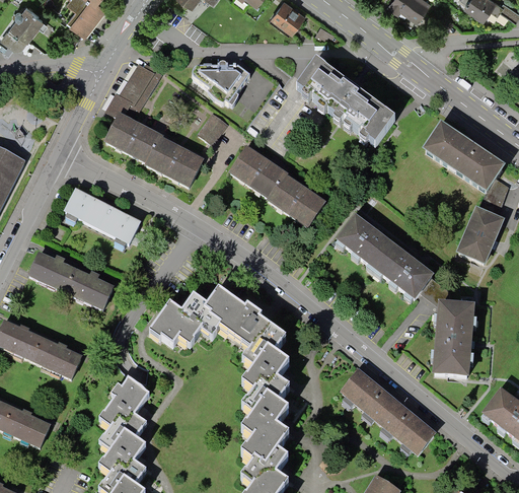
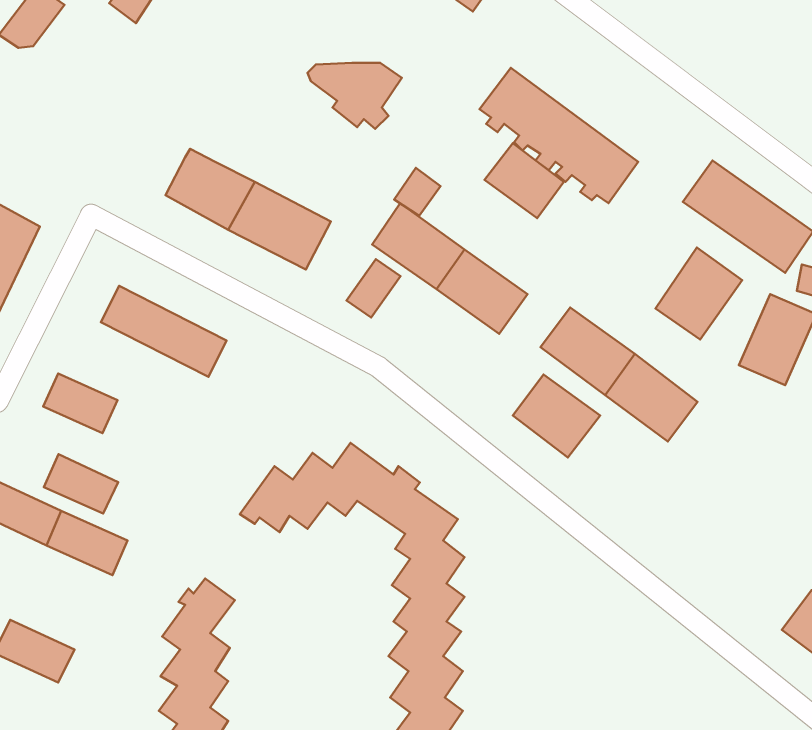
building: [106,64,164,122] -> none
building: none -> [484,143,564,218]
building: [201,112,229,141] -> [394,168,441,216]
building: none -> [655,248,742,340]
building: none -> [347,259,400,318]
building: none -> [513,374,600,458]
building: [66,268,112,304] -> [44,454,118,514]
building: [434,301,474,374] -> none
building: [342,370,439,457] -> none

